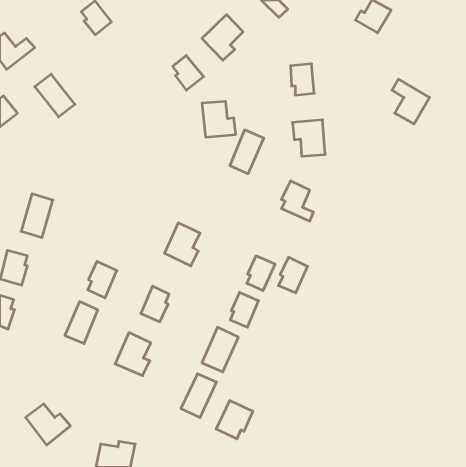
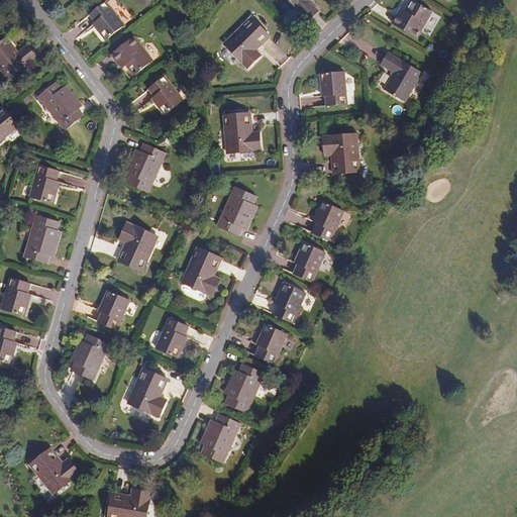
building: none -> [111,36,152,74]
building: [173,55,204,90] -> [148,76,183,114]
building: [392,79,430,124] -> [381,51,422,101]
building: none -> [126,143,166,193]
building: [230,130,264,174] -> [217,186,254,234]
building: none -> [29,165,59,203]
building: none -> [118,221,158,270]
building: [278,257,308,293] -> [292,241,324,281]
building: [216,401,253,439] -> none

